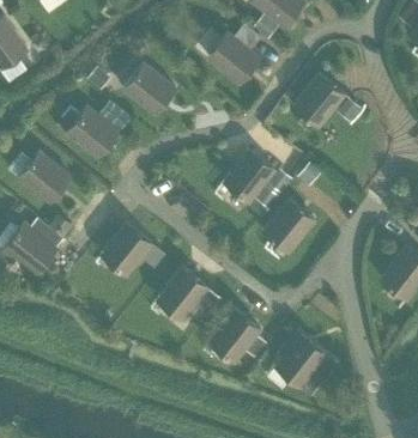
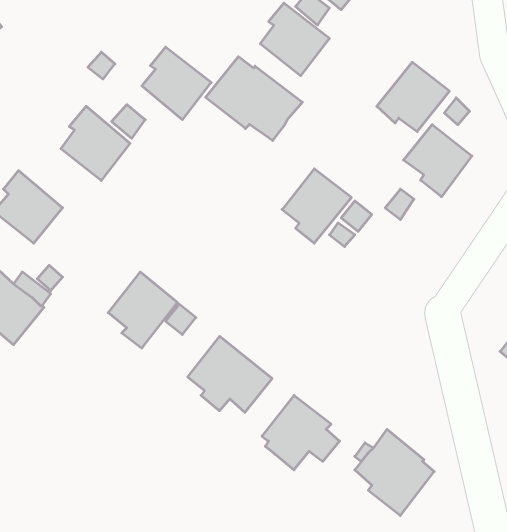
building: none -> [206,57,302,141]
building: none -> [403,125,472,197]
building: [262,201,314,250] -> none

